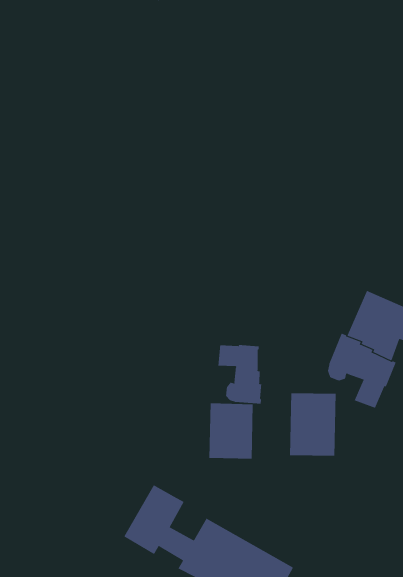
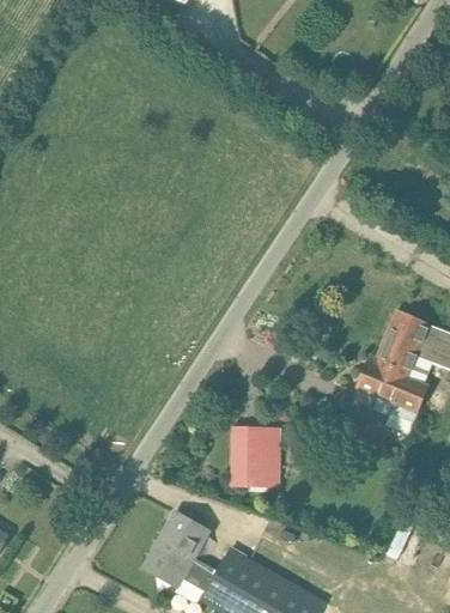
building: [218,344,262,405] -> none
building: [289,392,336,457] -> none

